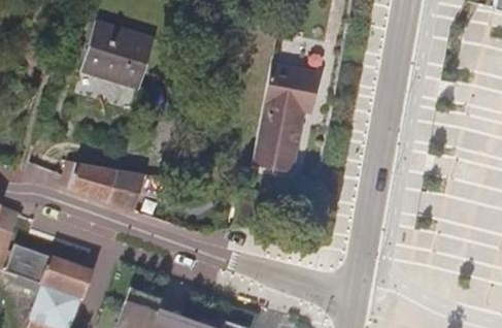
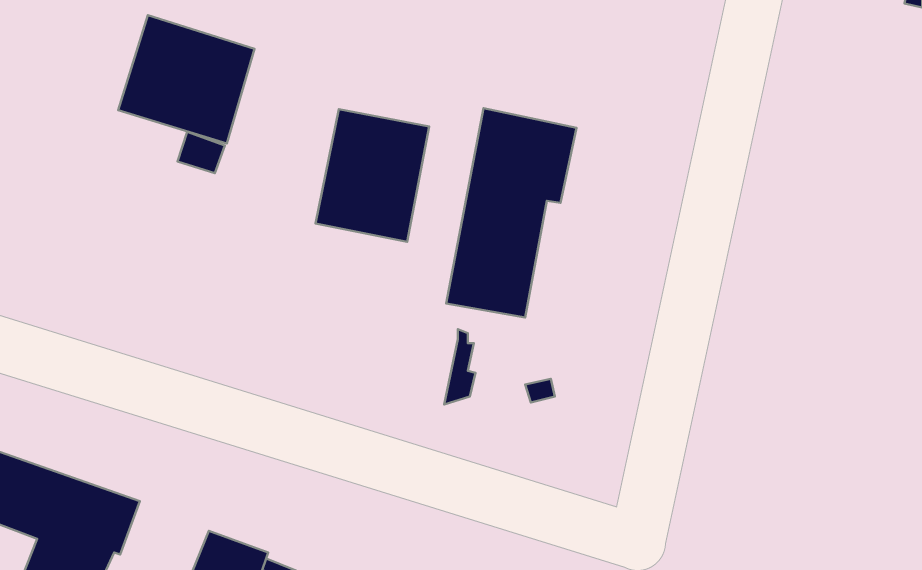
building: none -> [315,109,429,242]
building: [60,161,146,211] -> none

